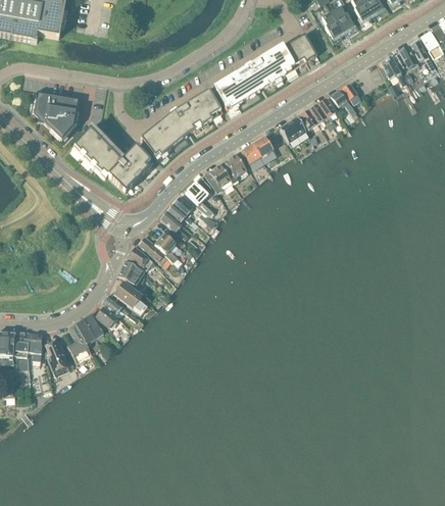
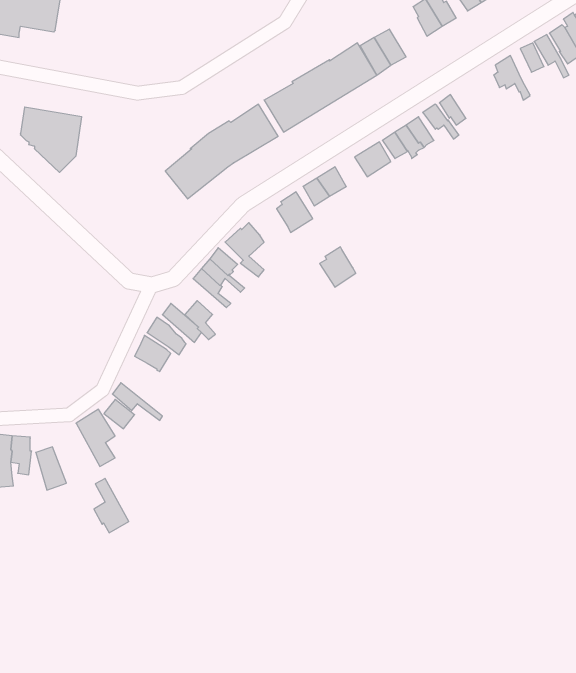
building: [72,123,154,190] -> none
building: [206,162,233,192] -> [320,247,356,287]
building: [114,279,143,306] -> none
building: [67,321,93,361] -> [94,478,129,533]

